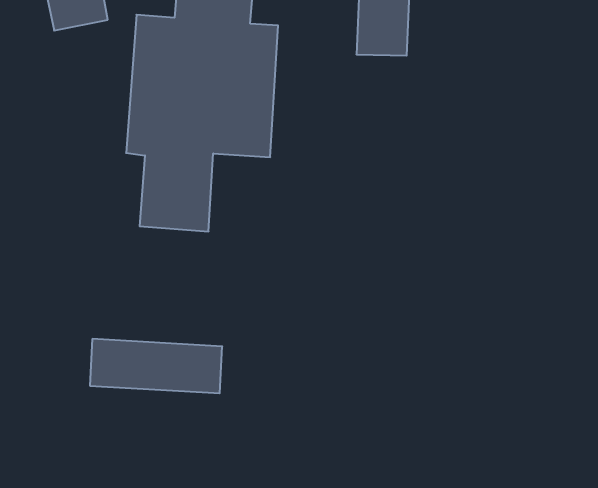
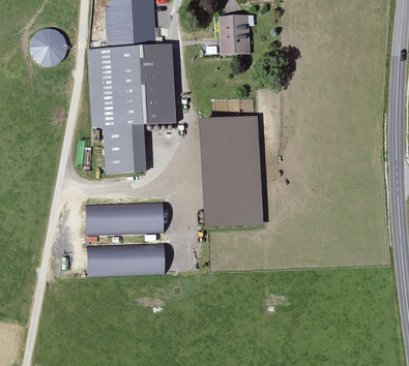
building: none -> [206,106,263,217]
building: none -> [82,202,160,235]

